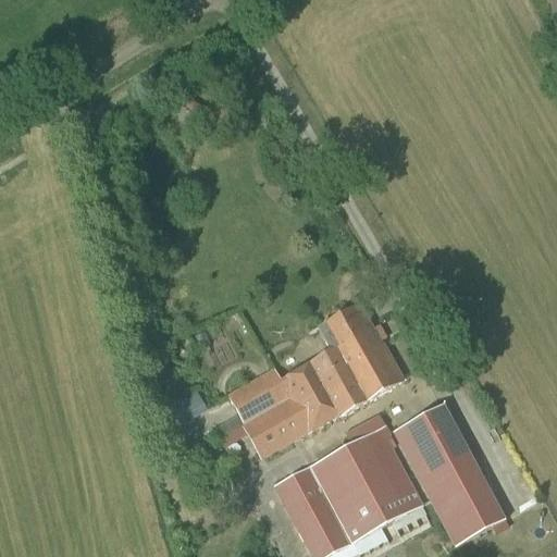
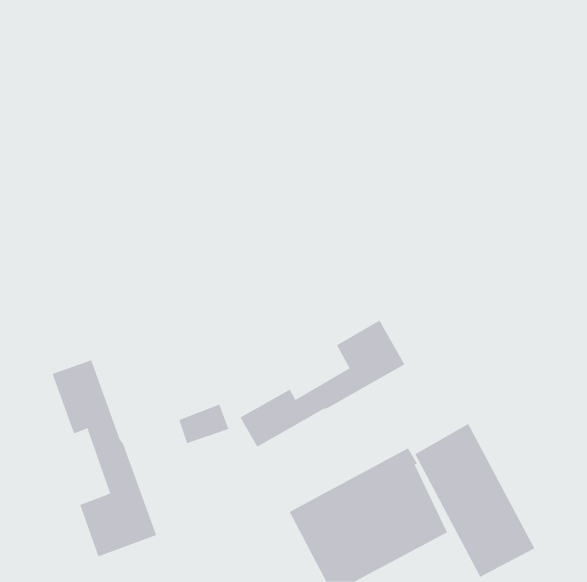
building: none -> [52,359,157,557]
building: [244,345,403,457] -> none

